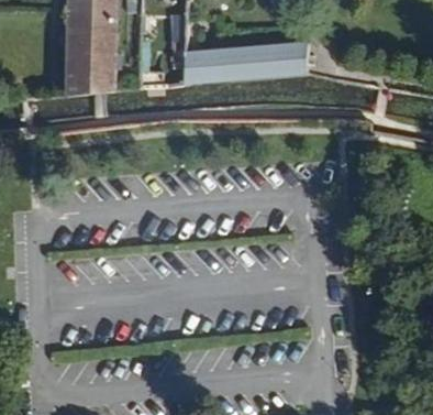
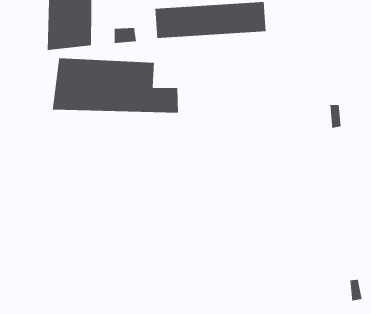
building: none -> [52,57,178,113]

